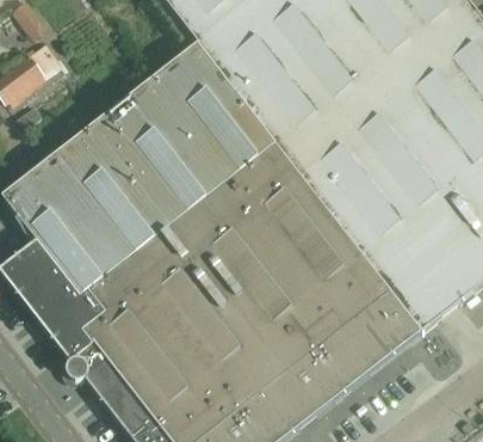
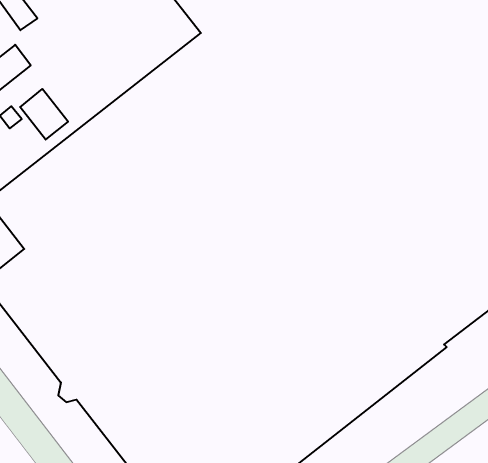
building: none -> [20,89,68,140]

